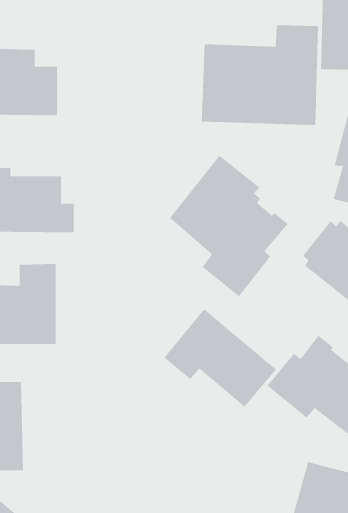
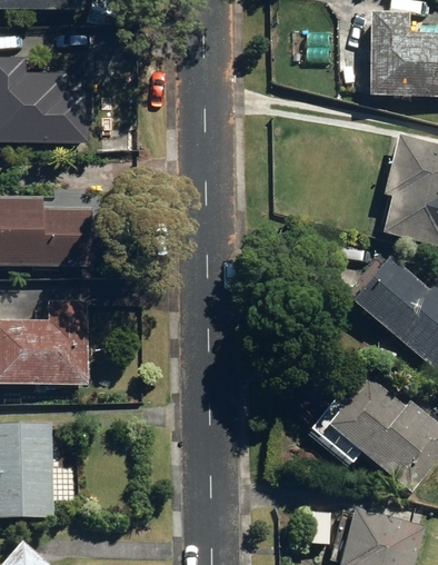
building: [201,25,318,126] -> none
building: [169,155,289,297] -> none
building: [163,309,277,408] -> none

